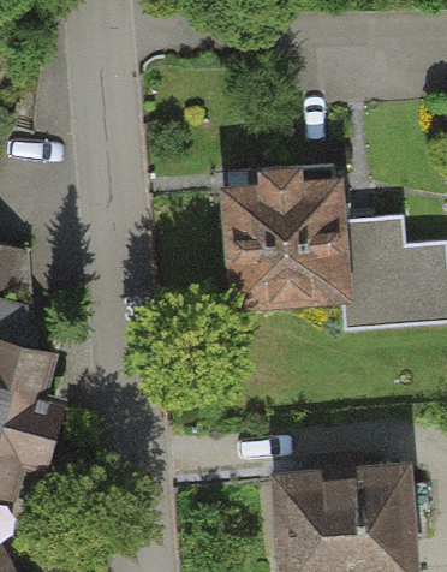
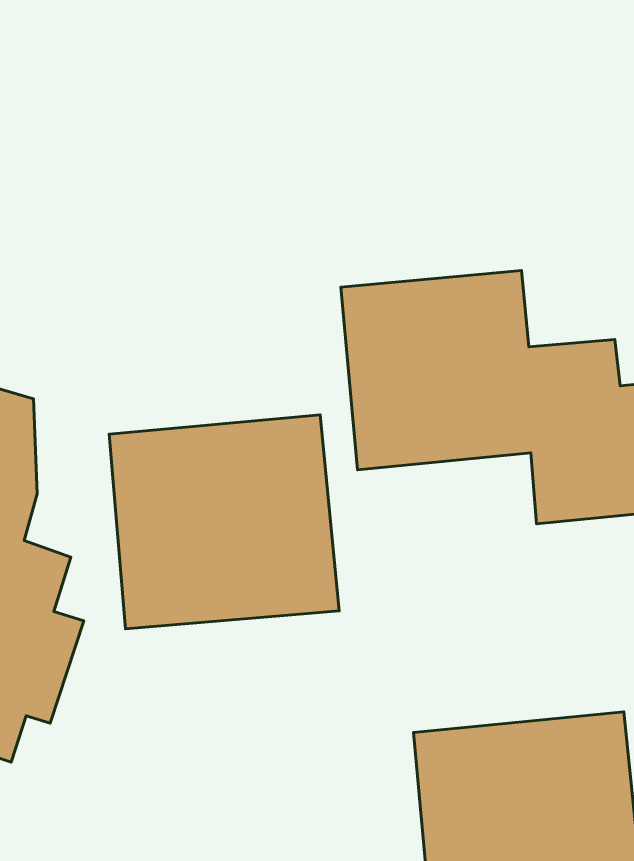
building: none -> [109,415,339,629]

